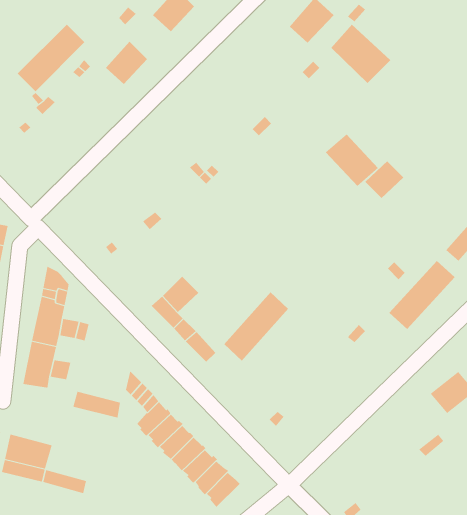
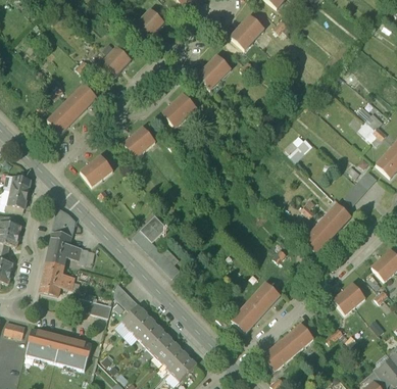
building: [17,24,85,92] -> [48,84,97,133]
building: [330,24,391,84] -> none
building: none -> [196,54,230,88]
building: none -> [161,93,195,127]
building: [325,134,379,187] -> none
building: none -> [122,127,154,157]
building: none -> [81,155,113,186]
building: [223,292,289,361] -> [233,283,280,333]
building: none -> [261,324,312,371]
building: none -> [56,336,91,361]

